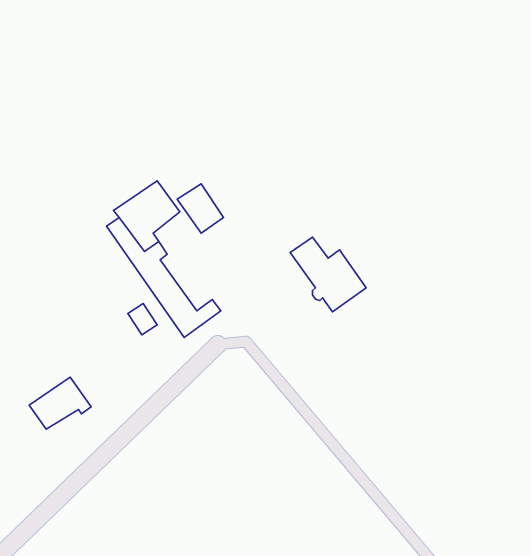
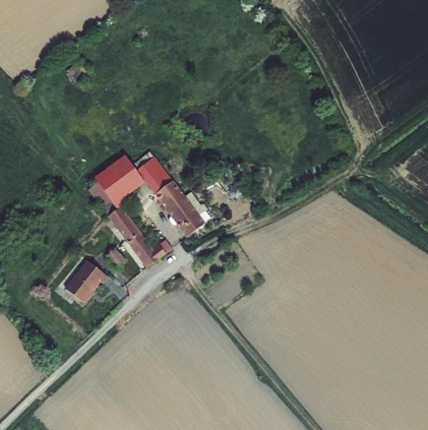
building: [290,237,366,312] -> [157,183,211,237]
building: [29,377,91,429] -> [58,256,103,294]

